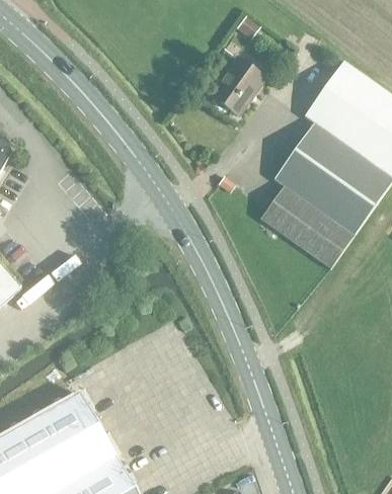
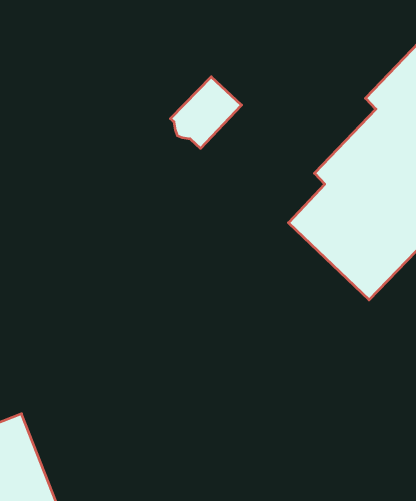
building: [210,59,262,114] -> [170,77,242,148]

